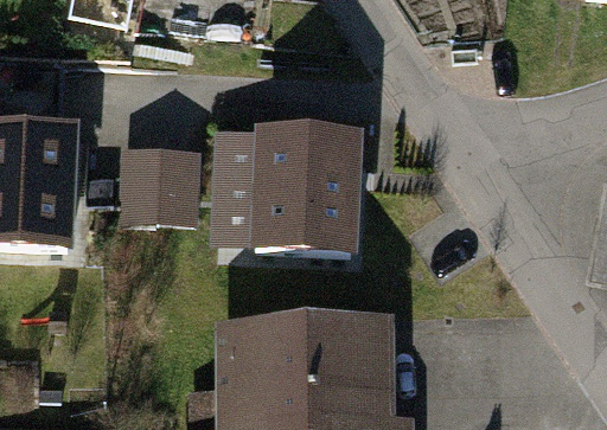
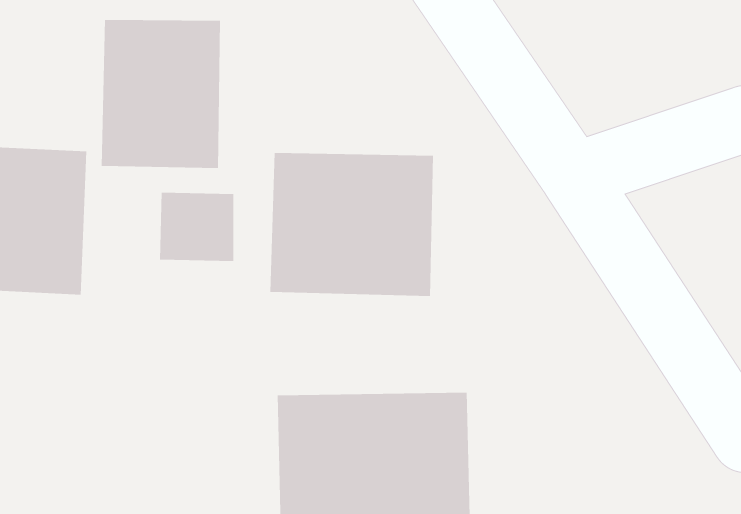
building: none -> [101,19,221,169]

